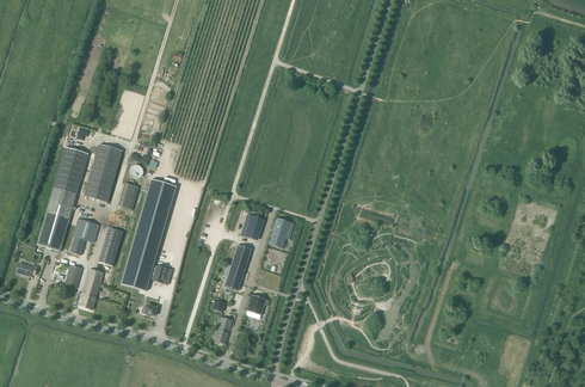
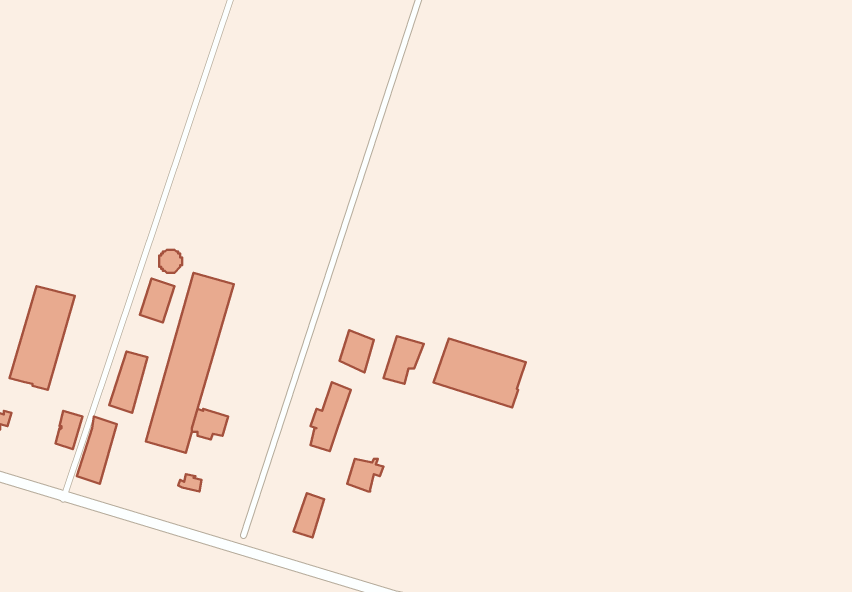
building: [85,143,123,202] -> none
building: [54,146,88,192] -> none
building: [72,217,99,251] -> none
building: none -> [434,338,526,407]

